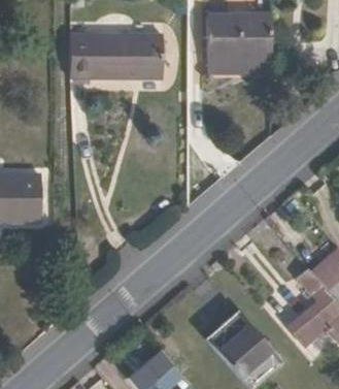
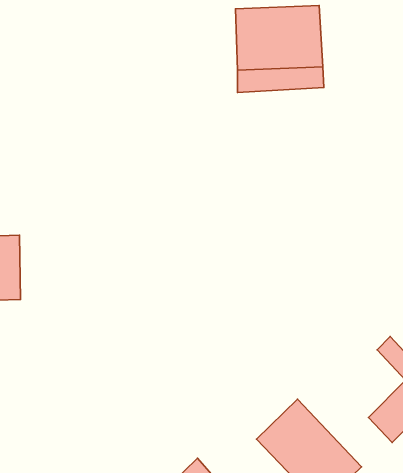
building: [66,35,161,82] -> none

